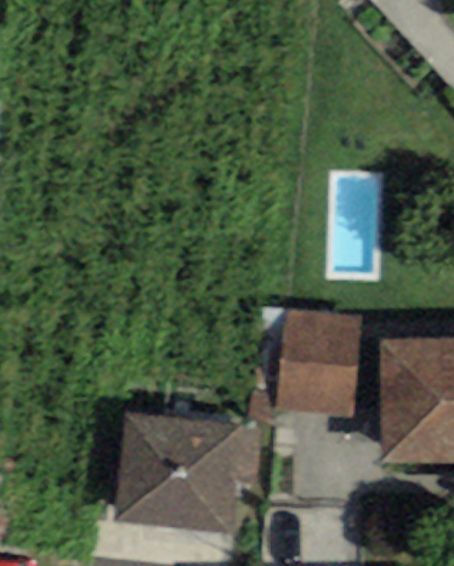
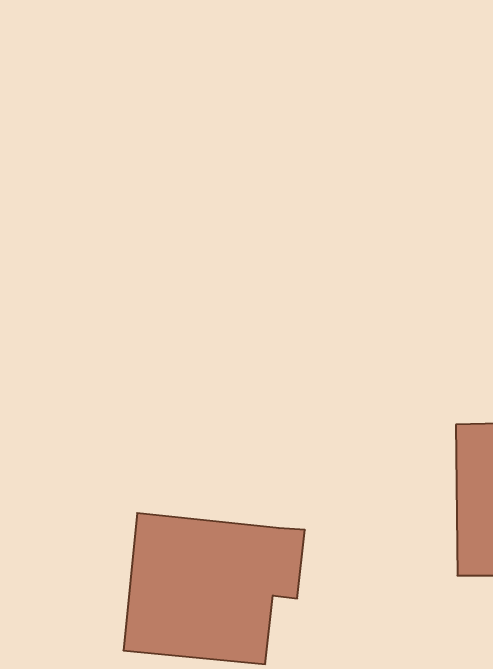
building: [273,305,358,417] -> none

